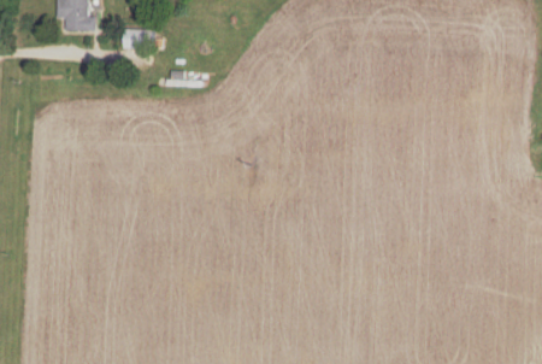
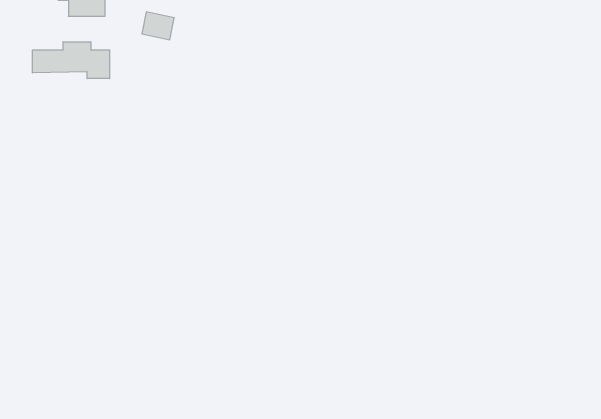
building: none -> [32,42,110,79]

